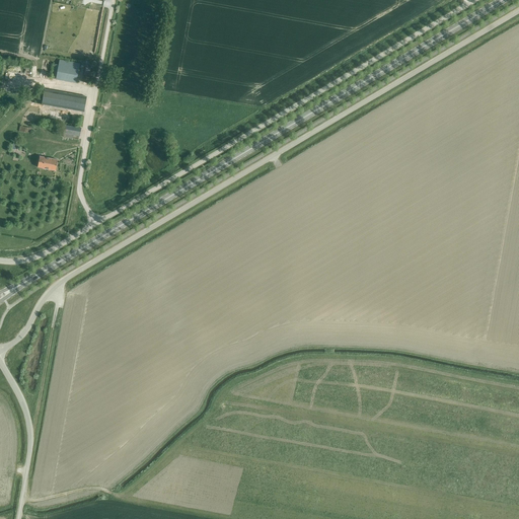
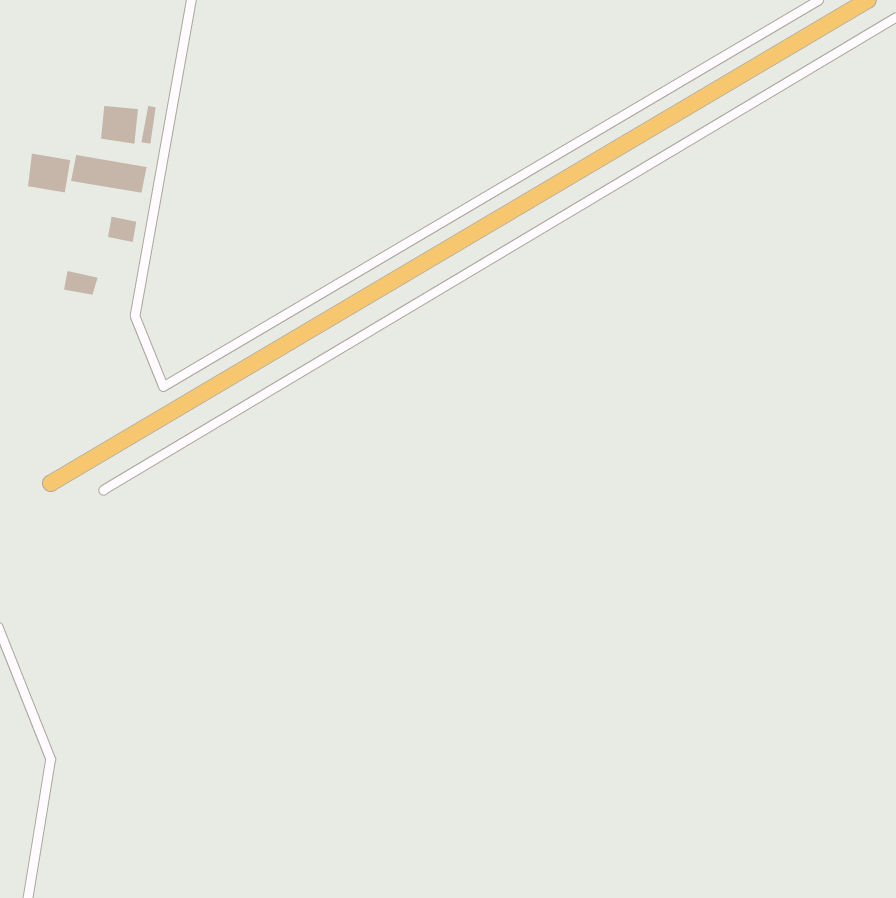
building: none -> [28,153,71,193]

